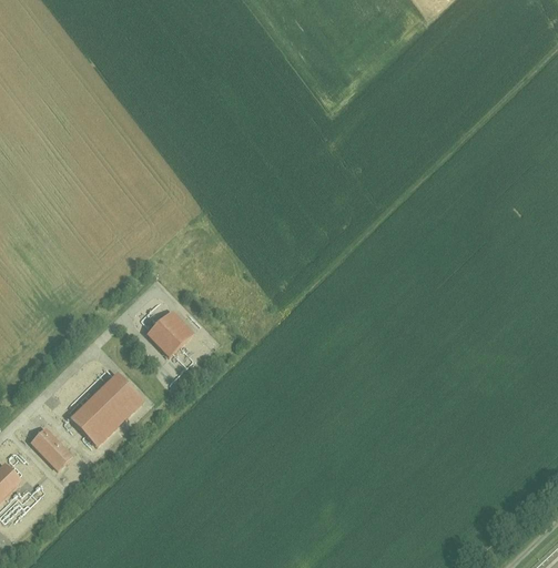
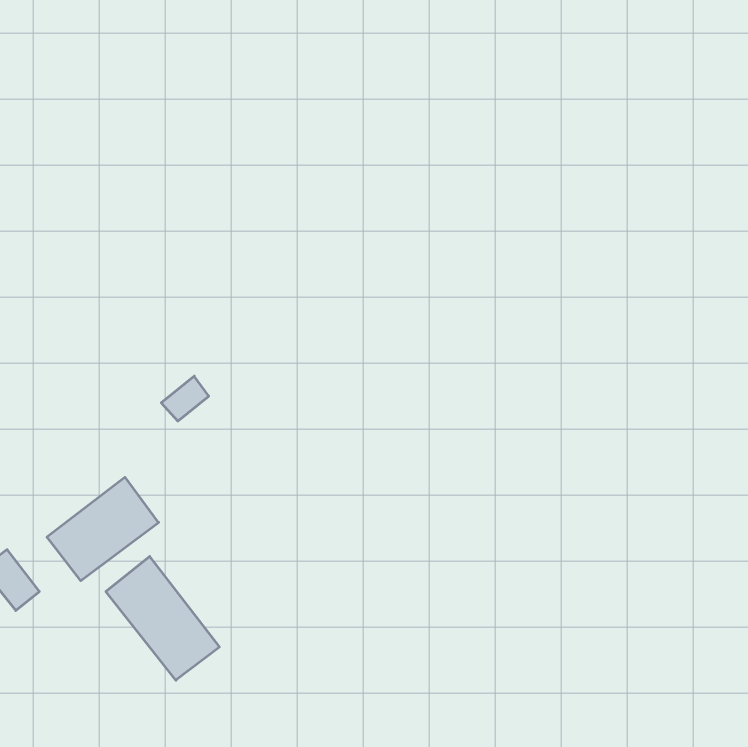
building: [151,314,192,355] -> none
building: none -> [106,556,219,680]

